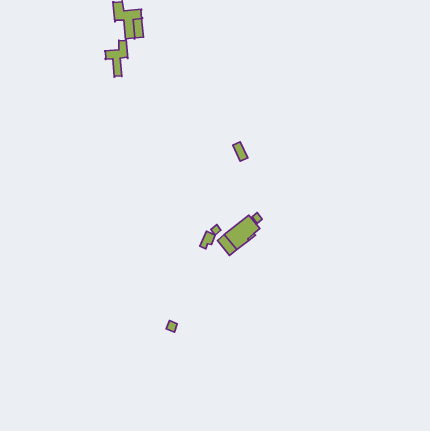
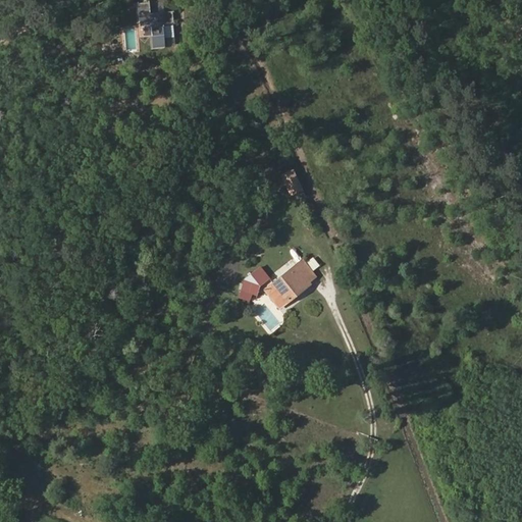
building: [105,40,128,77] -> none

